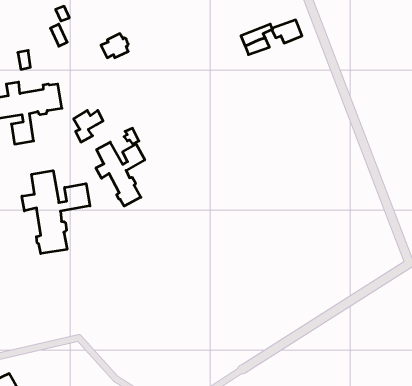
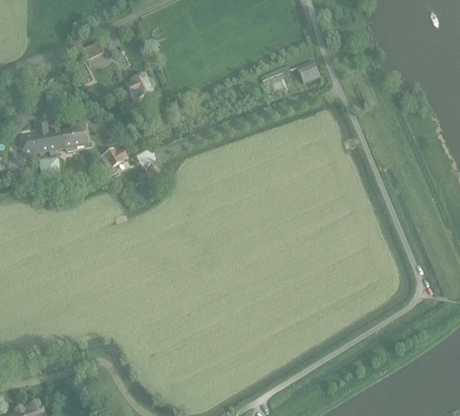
building: [96,142,145,206] -> none
building: [22,171,90,254] -> none

